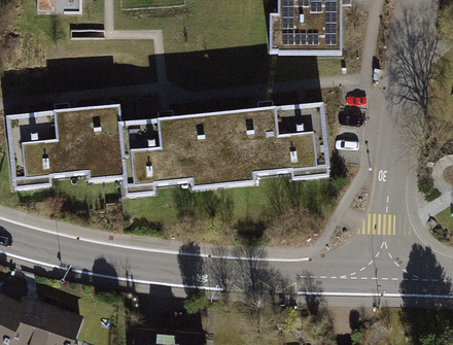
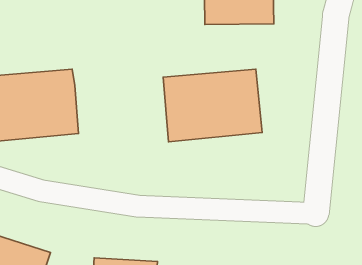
building: [116,113,222,196] -> none

